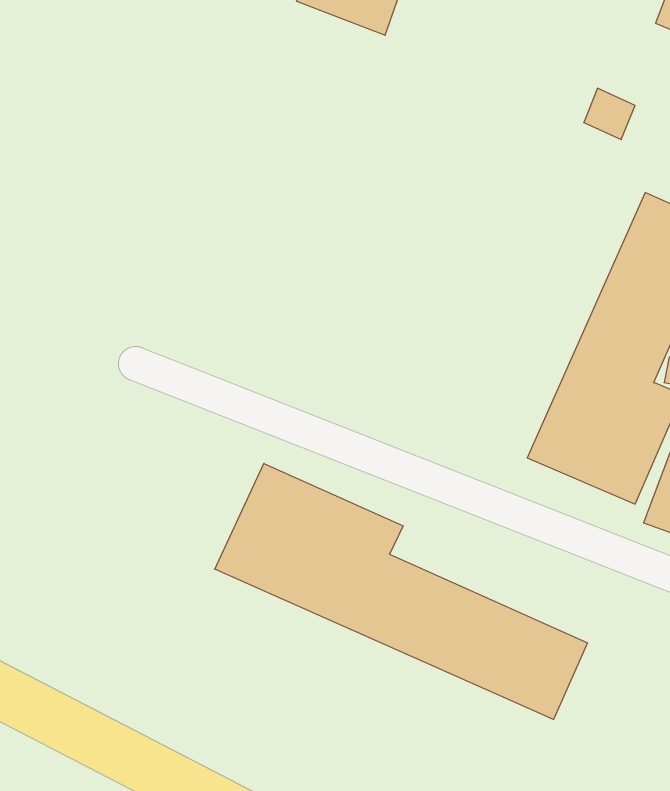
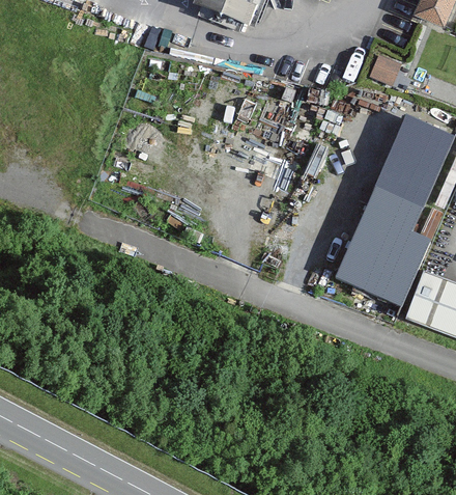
building: [215,463,587,720] -> none

